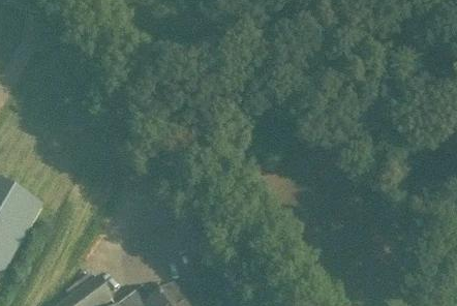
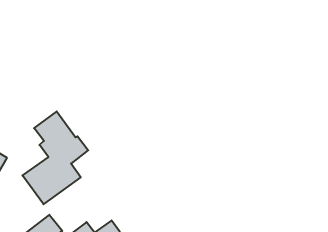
building: none -> [22,111,88,204]

